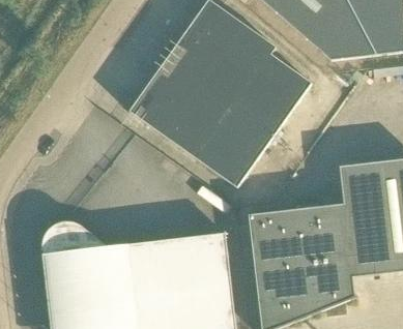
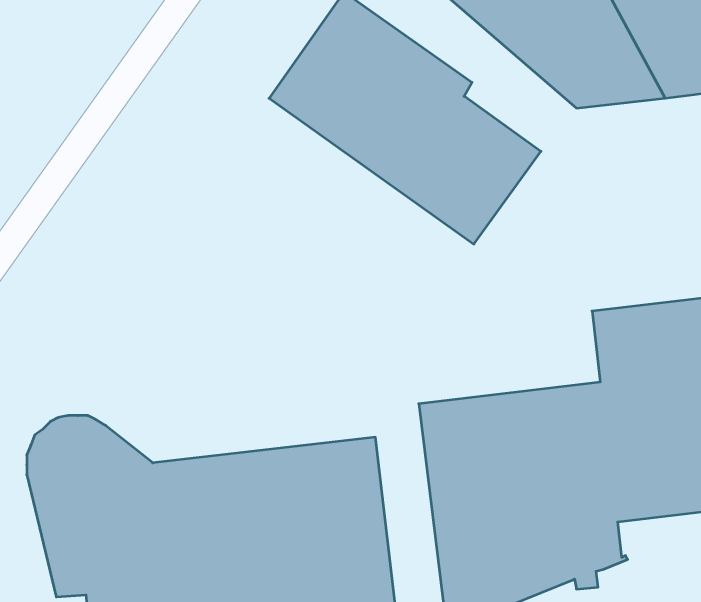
building: [128,54,277,187] -> none

